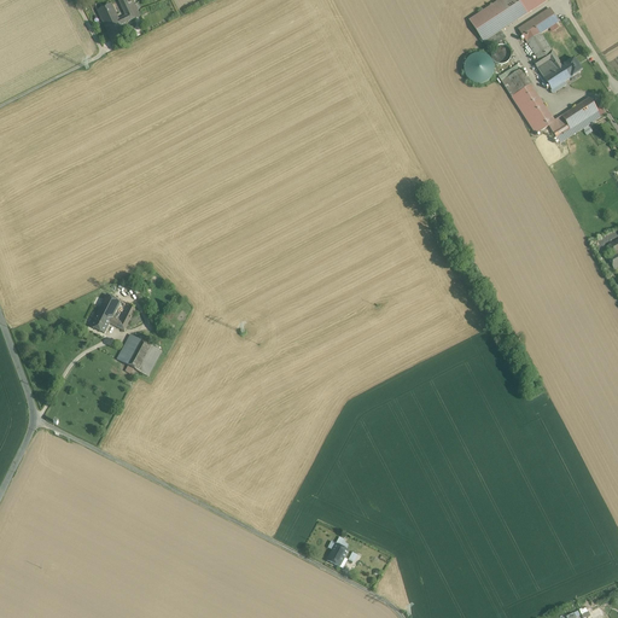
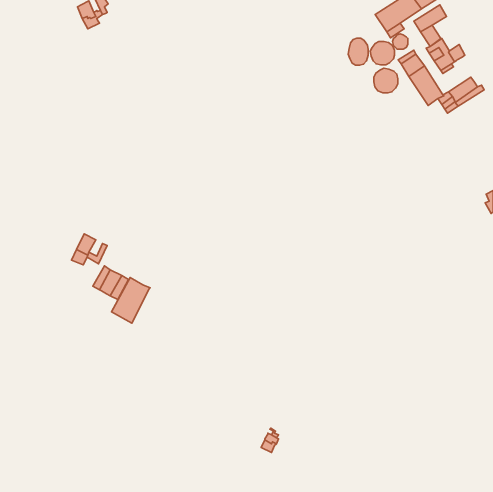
building: none -> [348,38,368,65]
building: none -> [374,68,398,93]
building: none -> [112,278,150,323]

